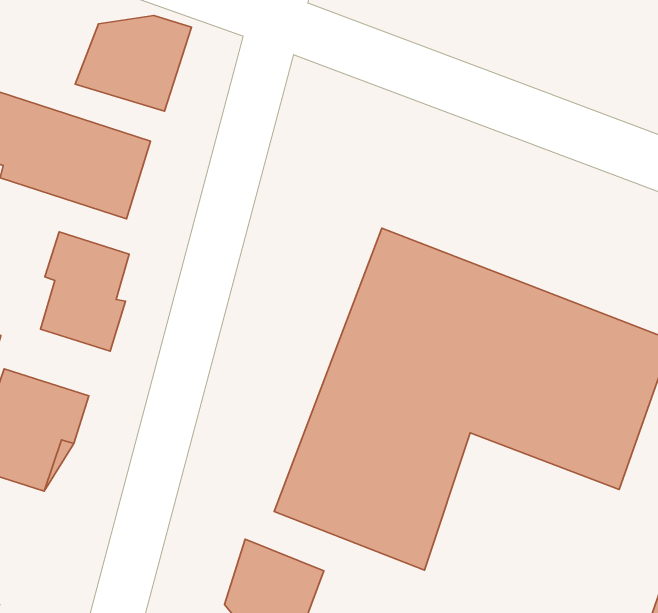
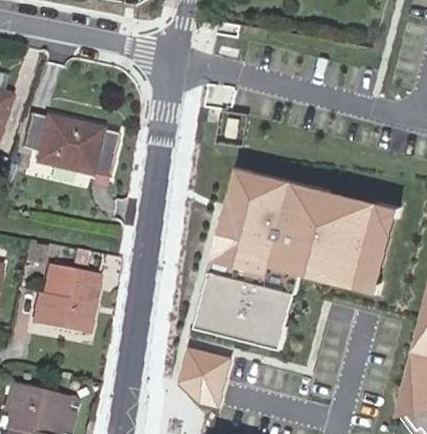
building: [75,16,192,111] -> none
building: [40,232,129,351] -> none

